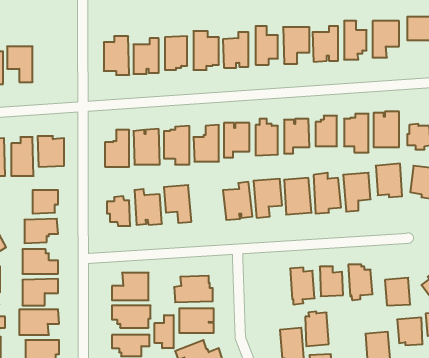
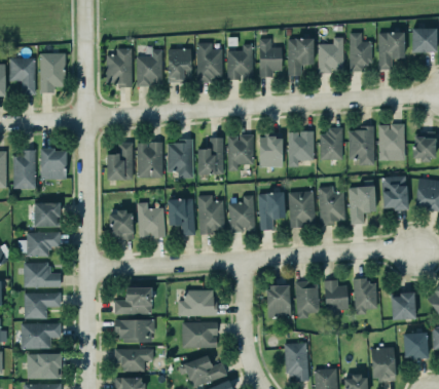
building: none -> [40,53,67,93]
building: none -> [197,195,225,234]
building: [305,312,329,346] -> [267,283,291,318]
building: [155,315,174,348] -> none

